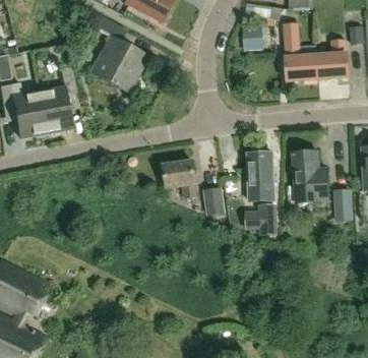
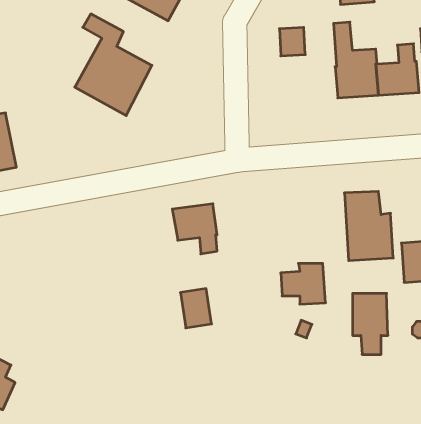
building: [38,66,78,132] -> none
building: [247,154,273,199] -> [353,293,388,354]
building: [203,185,227,215] -> [180,289,212,328]

